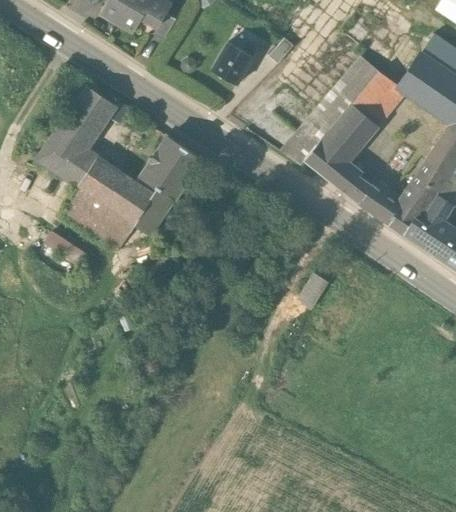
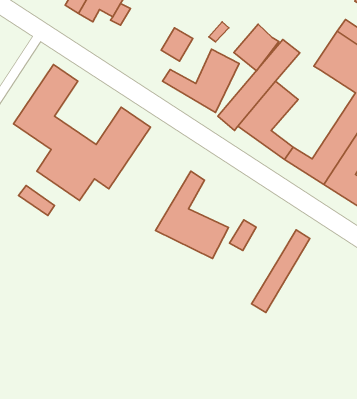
building: none -> [163,49,239,113]
building: [351,73,405,129] -> [234,24,279,71]
building: none -> [155,171,229,258]
building: none -> [252,230,310,312]

